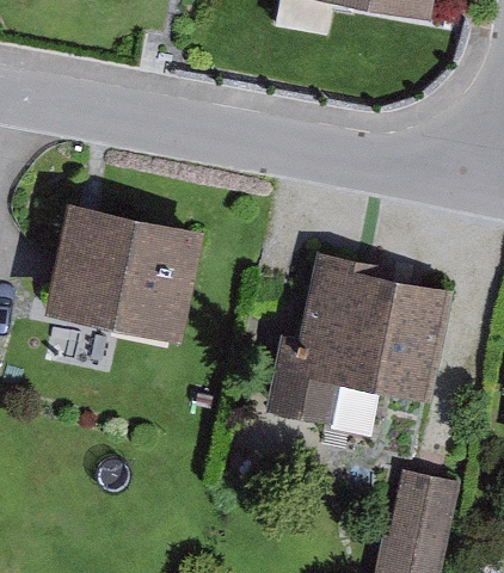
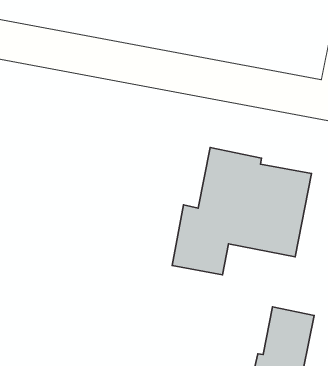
building: [44,203,203,341] -> none

